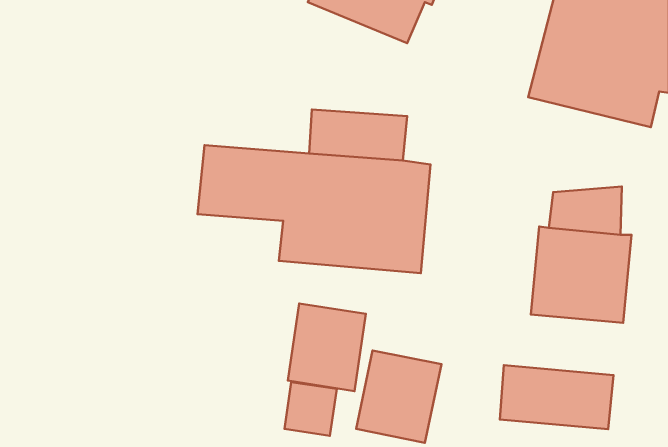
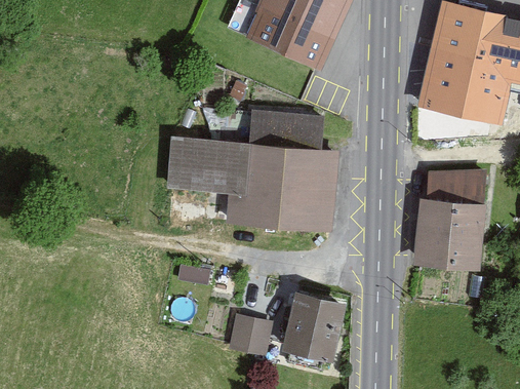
building: [288,303,366,391] -> none
building: [500,365,614,429] -> none

